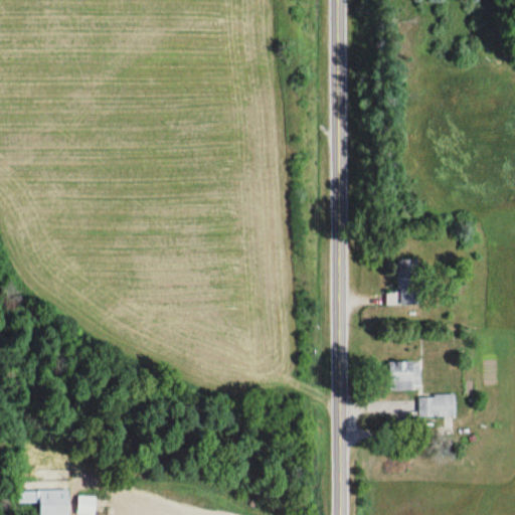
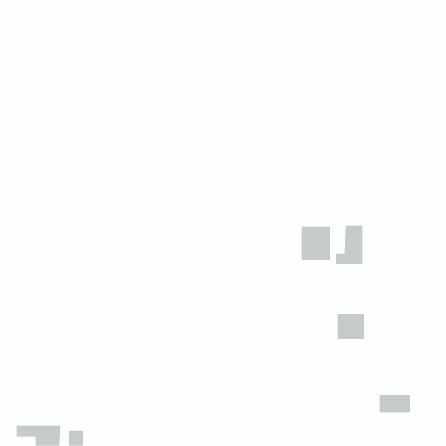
building: none -> [301,226,330,261]
building: [418,395,456,416] -> [379,394,411,413]

